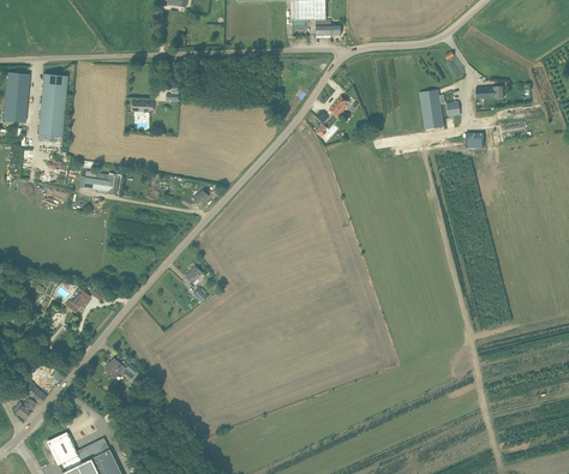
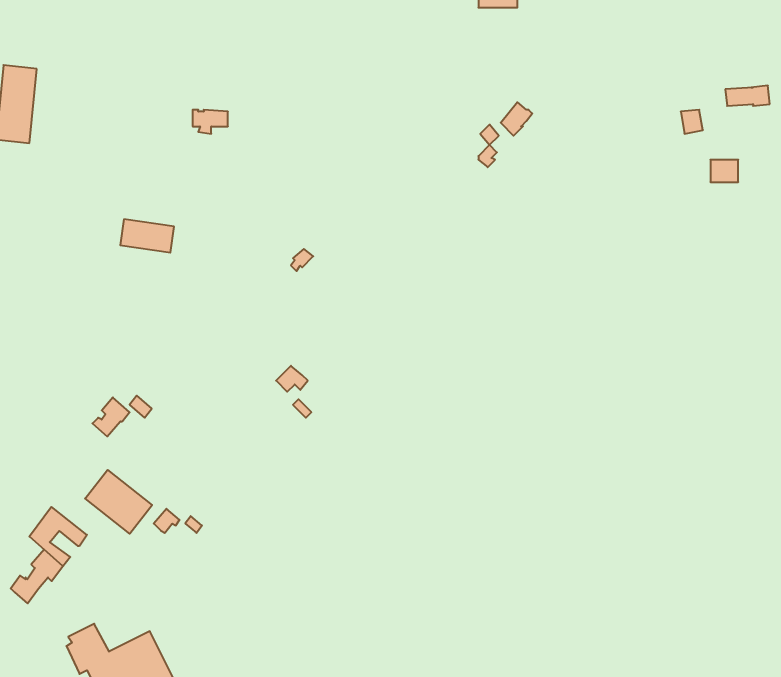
building: [38,73,68,137] -> none
building: [419,89,444,128] -> none
building: none -> [85,470,152,534]

